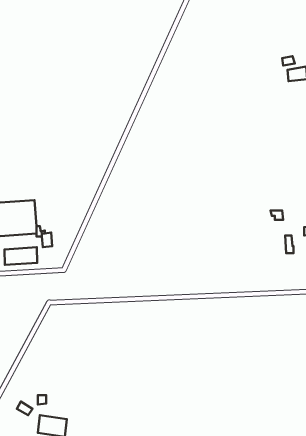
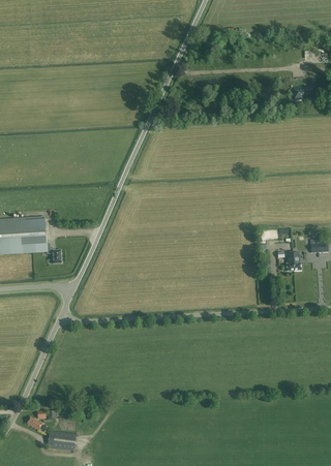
building: [5,247,37,265] -> none

